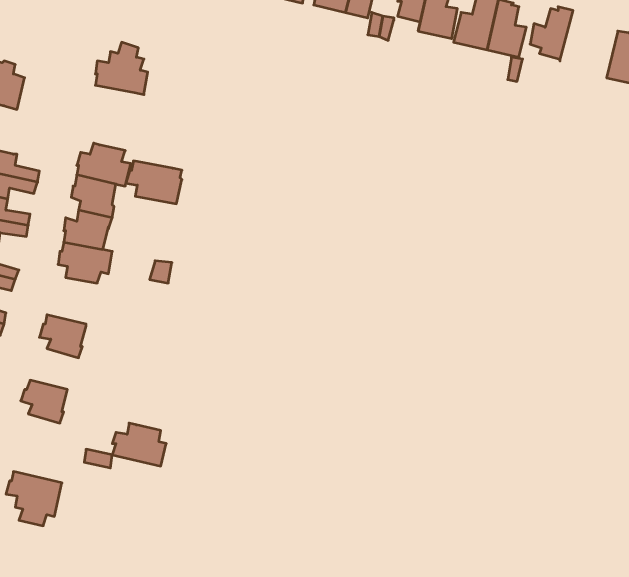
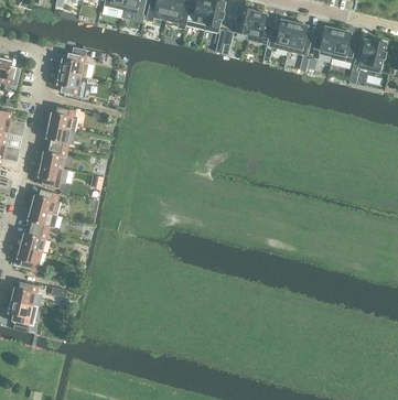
building: none -> [332,29,356,62]
building: [126,161,182,204] -> [53,73,86,98]
building: none -> [29,190,61,216]
building: none -> [19,228,47,252]
building: [112,423,166,466] -> [9,282,41,307]

